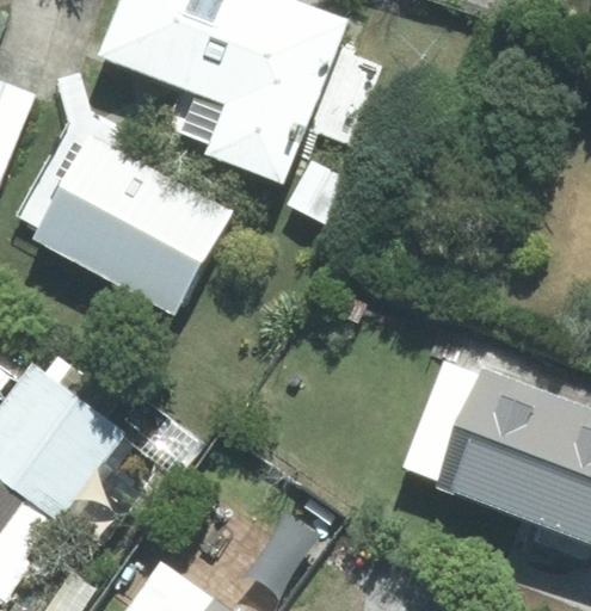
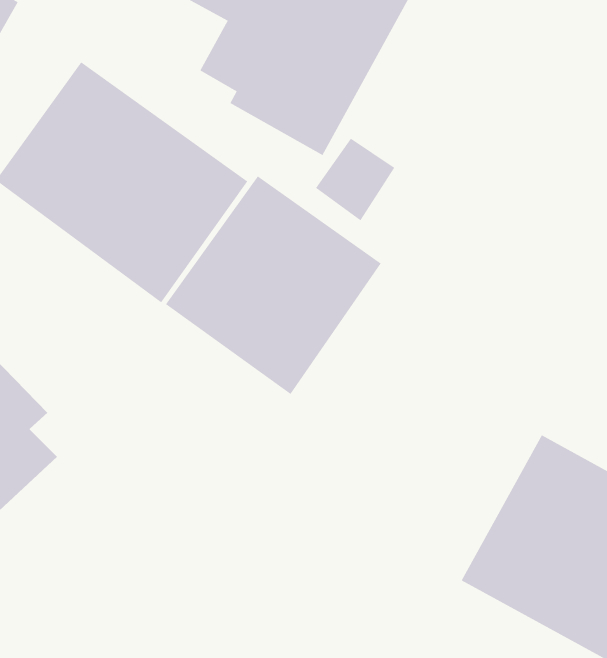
building: none -> [165,175,381,395]

